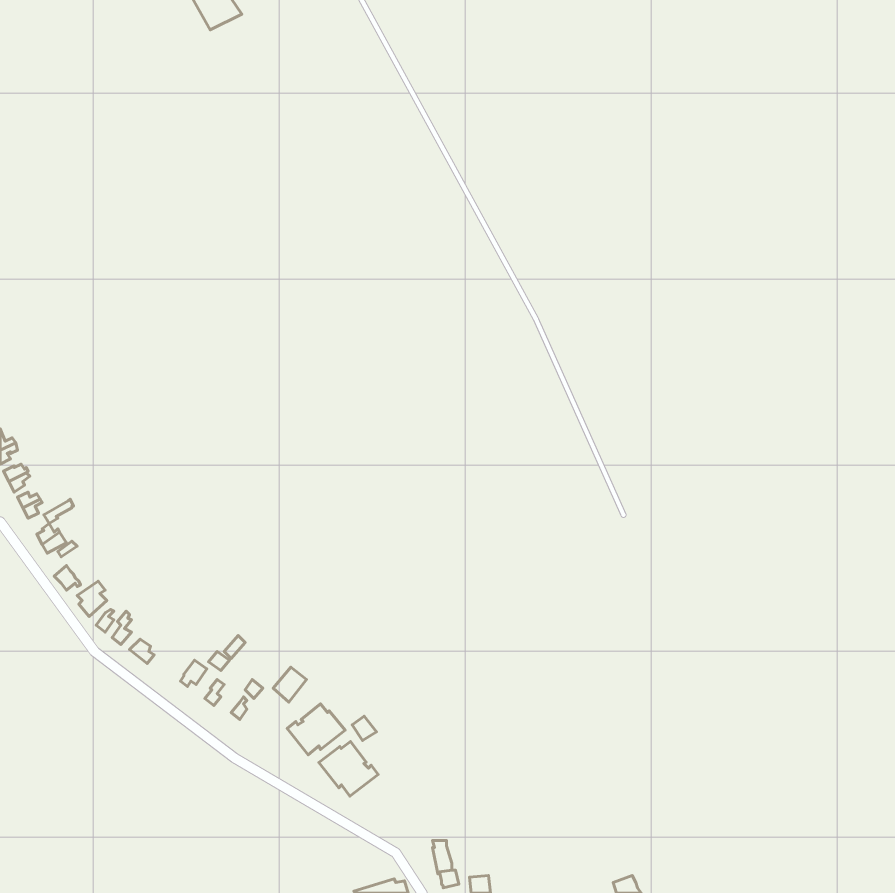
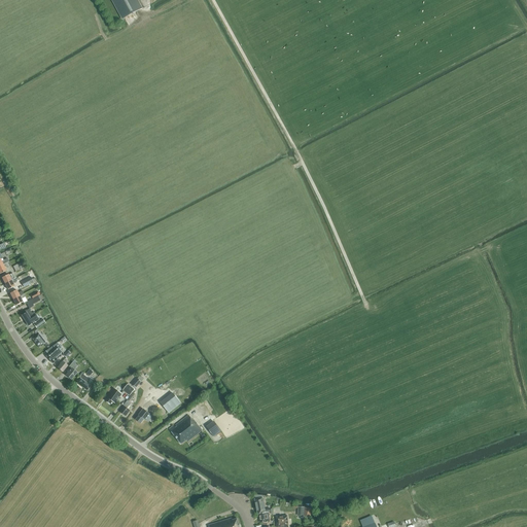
building: [319,741,378,796] -> none

